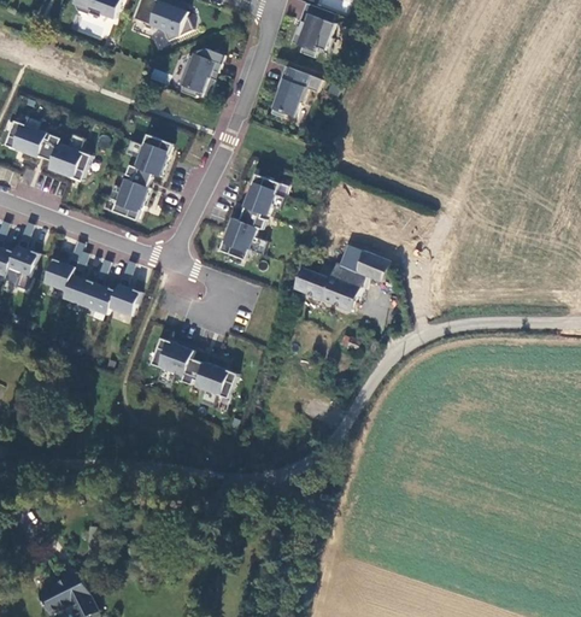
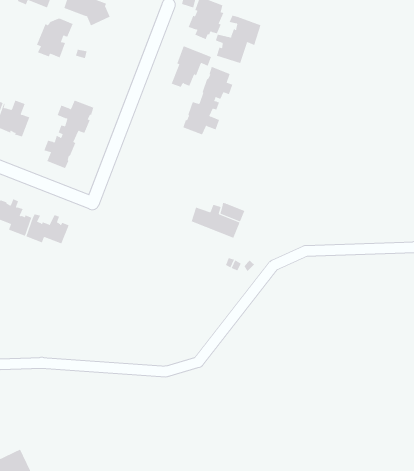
building: none -> [215,15,261,64]
building: [177,48,224,99] -> [36,18,73,58]
building: [219,174,283,260] -> [183,66,233,135]
building: [339,246,388,280] -> none
building: [151,337,237,407] -> none

